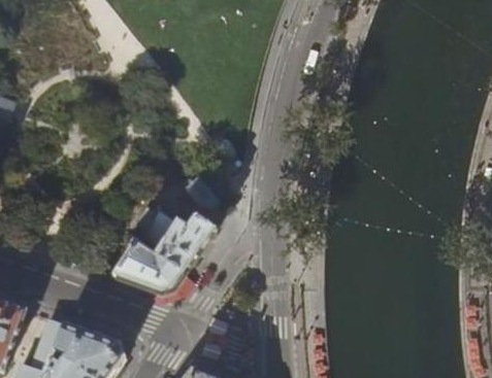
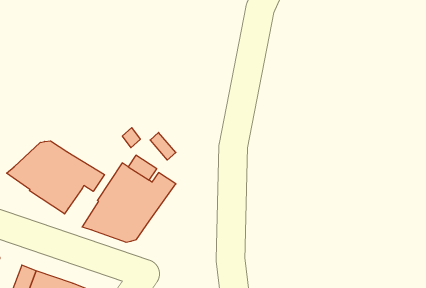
building: none -> [7,141,104,214]

